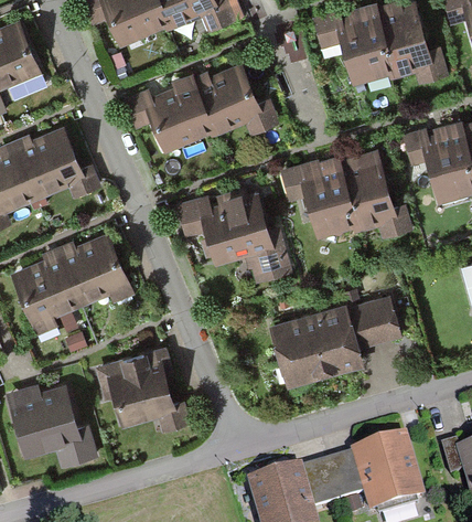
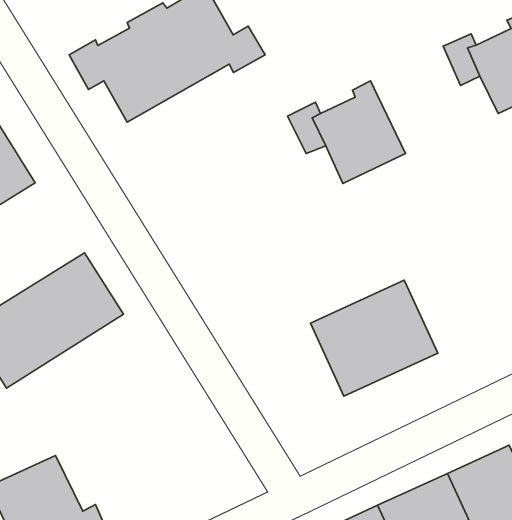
building: [347,156,412,232] -> none
building: [181,187,290,277] -> none
building: [345,296,398,343] -> none
building: [99,347,190,430] -> none

